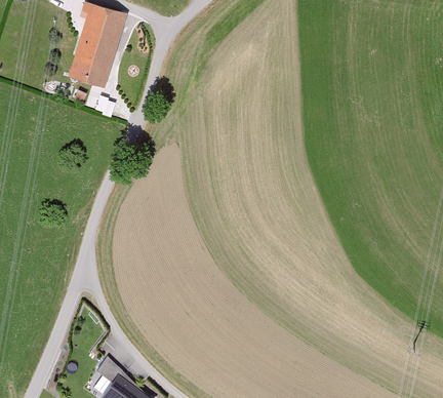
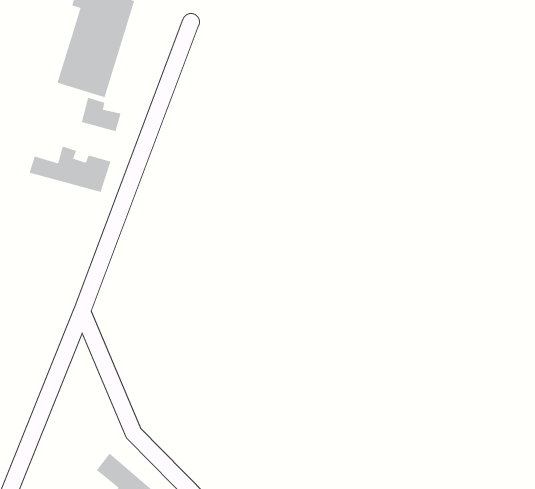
building: none -> [28,145,111,193]

